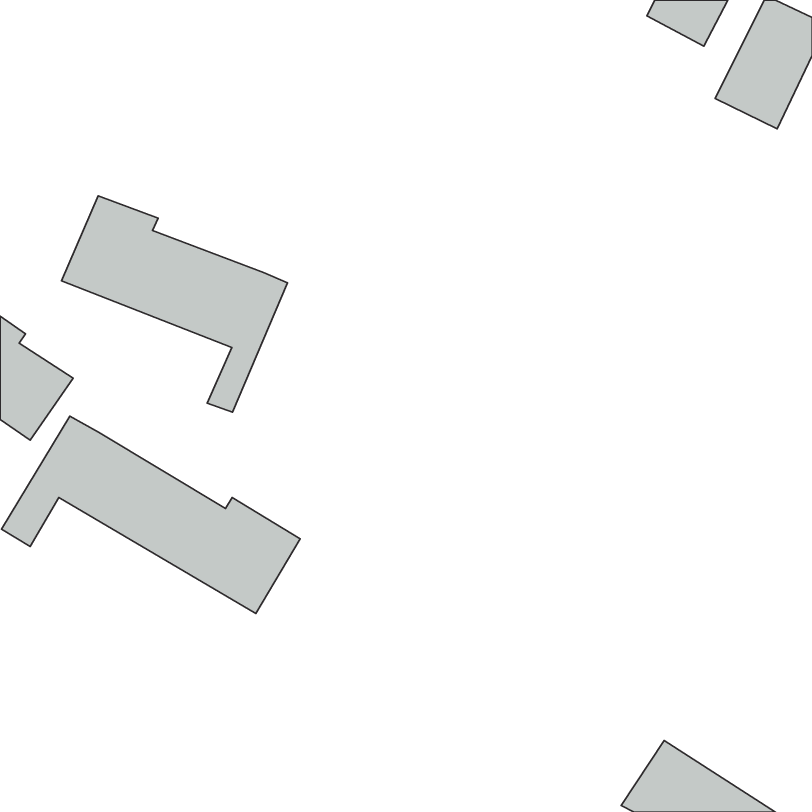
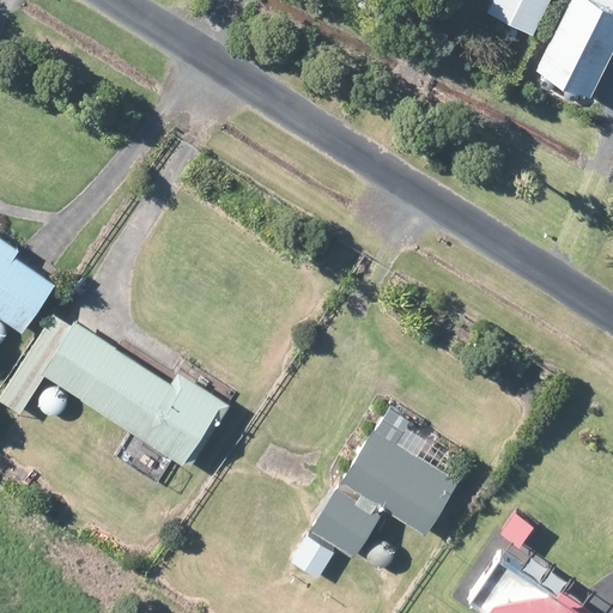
building: [61,196,287,412] -> none
building: none -> [290,408,460,581]

